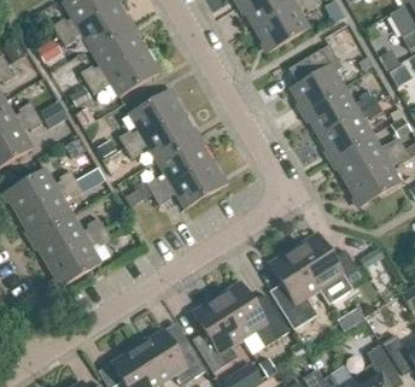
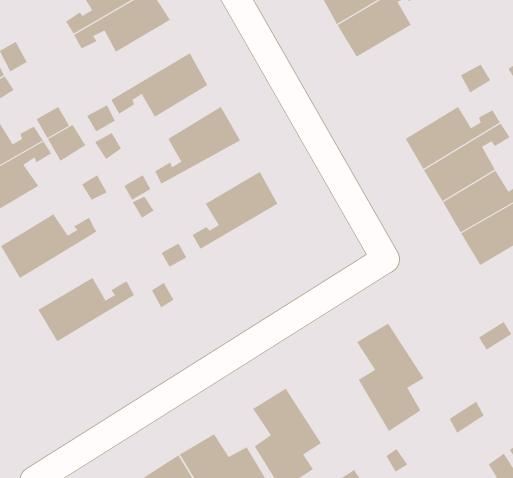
building: [80,23,145,82] -> none
building: [288,43,344,111] -> none
building: [123,112,197,159] -> none
building: [152,159,224,207] -> none
building: [18,166,104,238] -> none
building: [46,227,110,286] -> none
building: [292,231,362,303] -> none
building: [216,280,288,345] -> none

